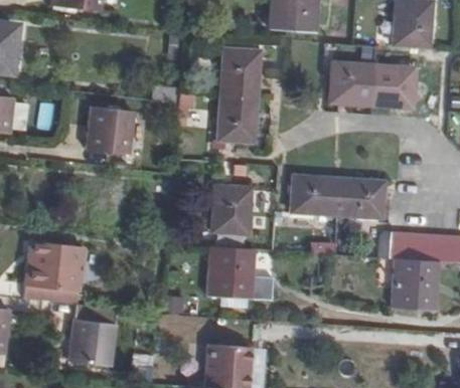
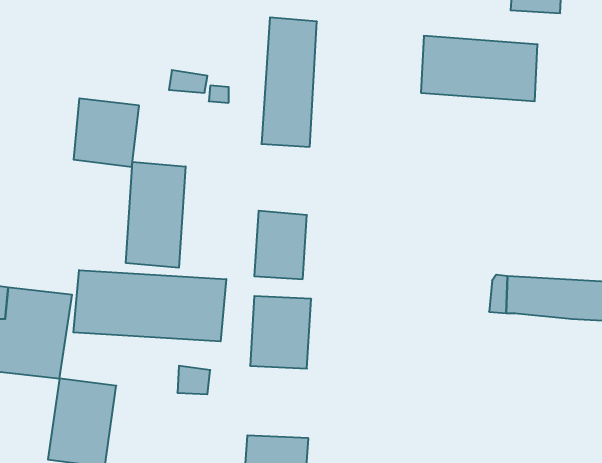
building: none -> [126,162,186,268]
building: [293,177,382,218] -> none
building: none -> [73,270,226,341]
building: [396,258,438,310] -> none

